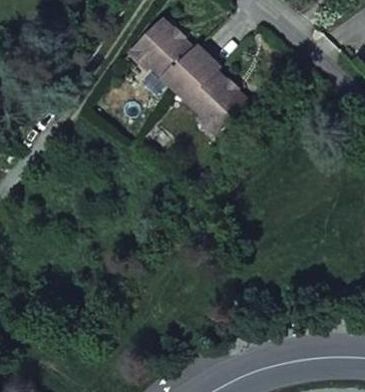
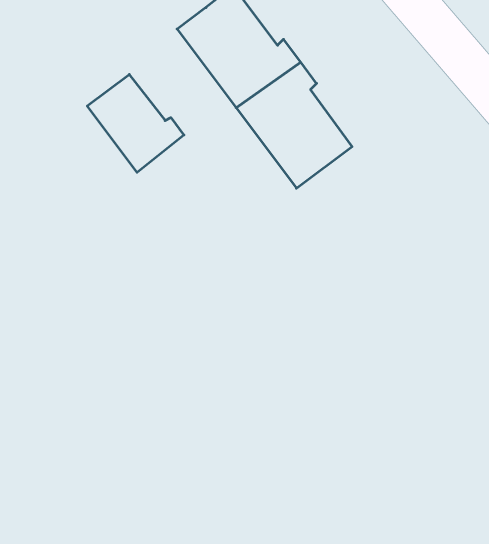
building: none -> [87,74,184,172]

